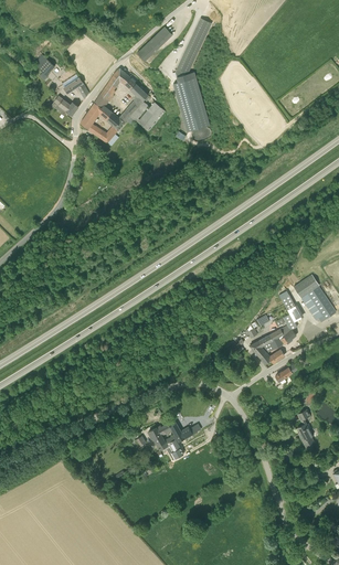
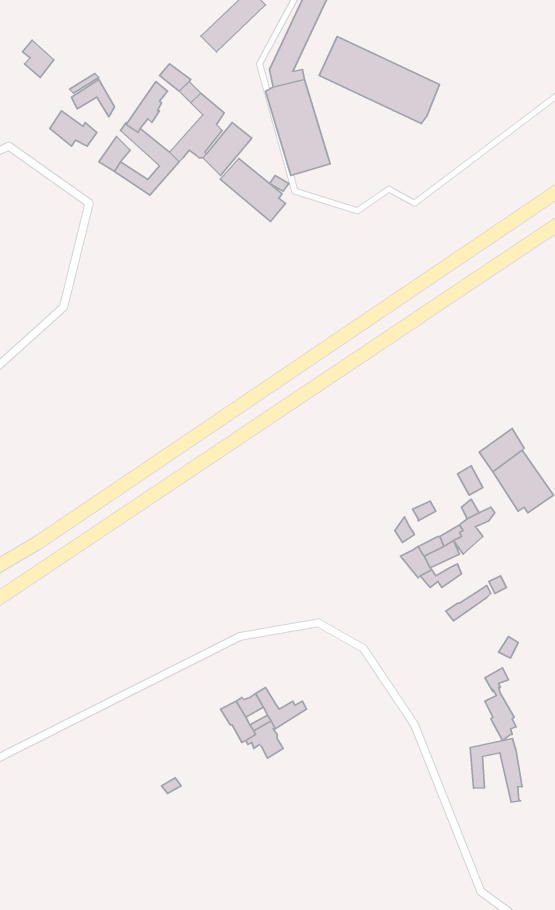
building: none -> [319,36,440,124]
building: none -> [220,159,286,222]
building: none -> [470,738,522,802]

